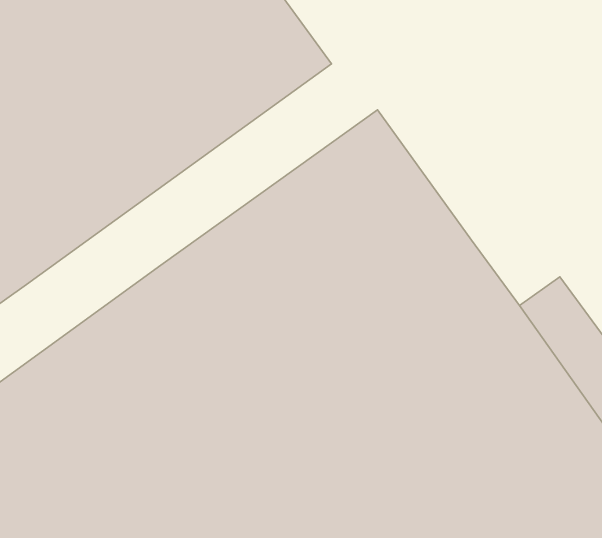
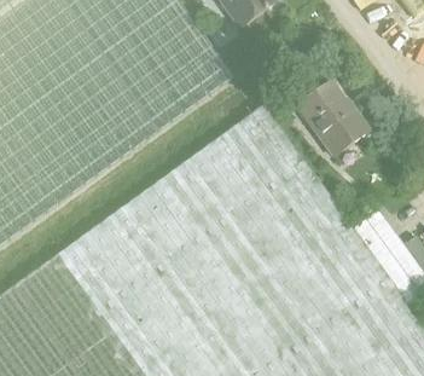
building: none -> [297,80,368,155]

